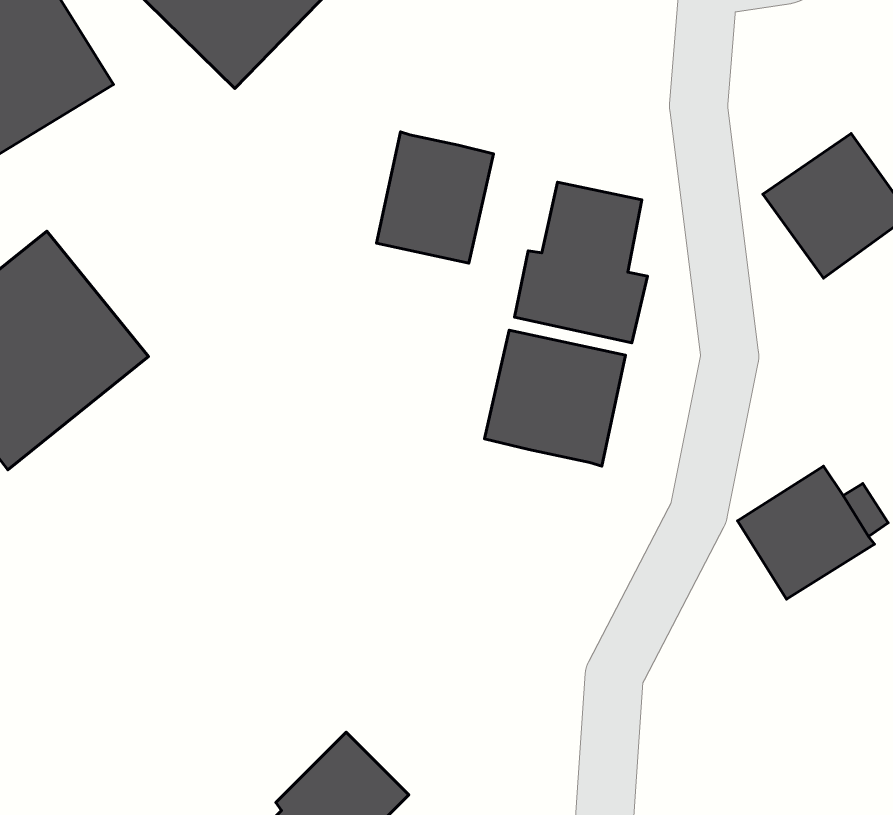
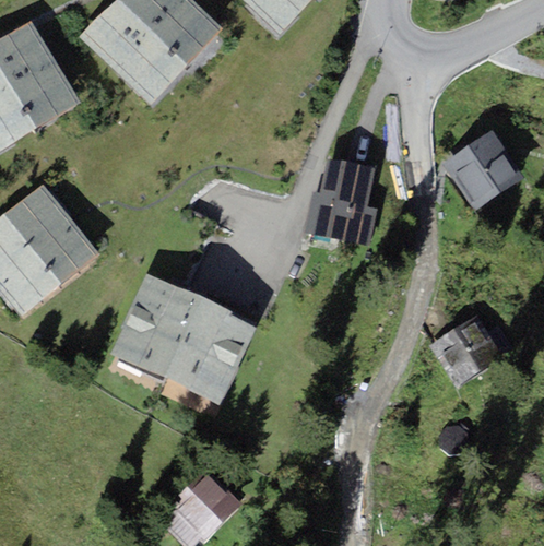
building: [376,132,493,263] -> none
building: [484,330,626,466] -> none
building: none -> [109,273,257,404]

